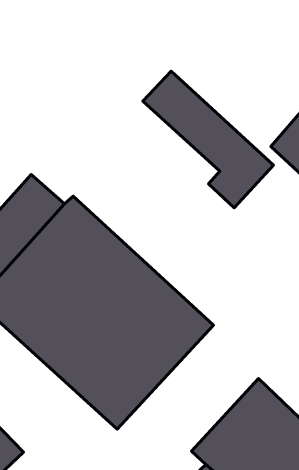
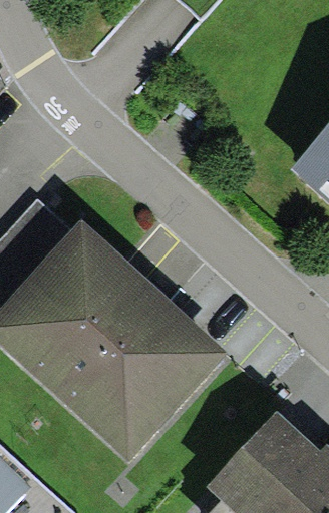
building: [143,71,274,208] -> none

